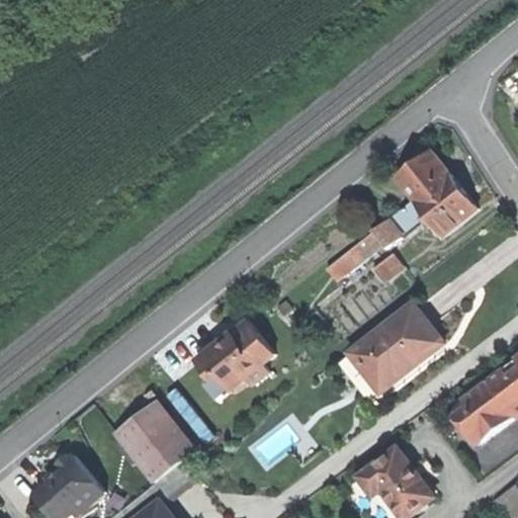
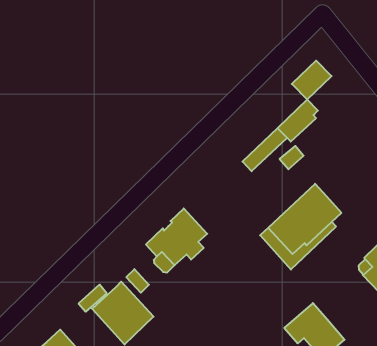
building: [413,170,476,234] -> none

